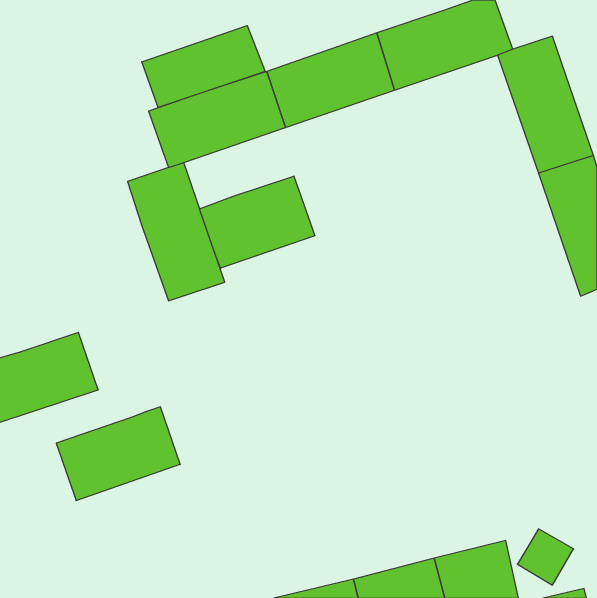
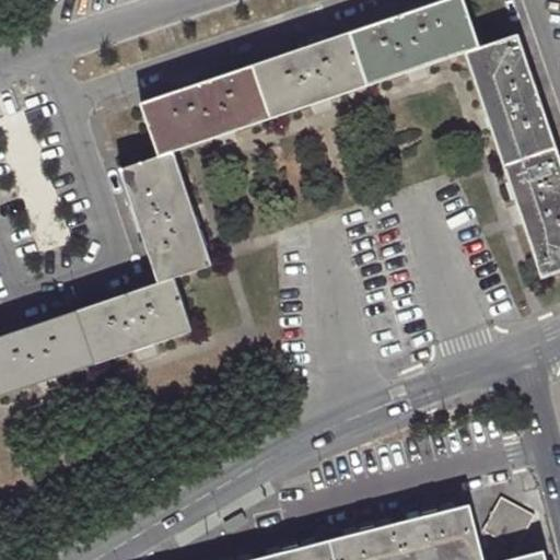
building: [142,26,265,108] -> none
building: [200,176,315,268] -> none
building: [56,407,180,501] -> [73,277,189,364]

